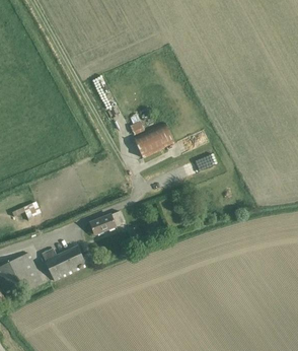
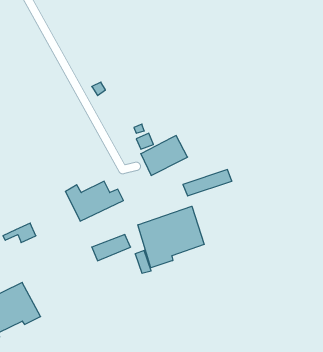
building: none -> [138,206,204,268]
building: [43,244,94,280] -> [65,181,123,221]

